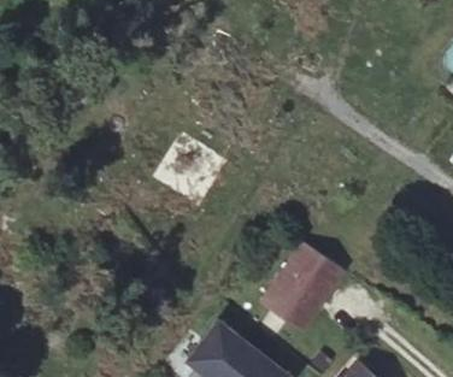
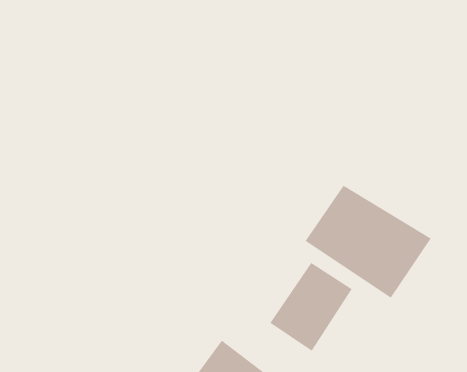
building: none -> [305,185,431,298]

